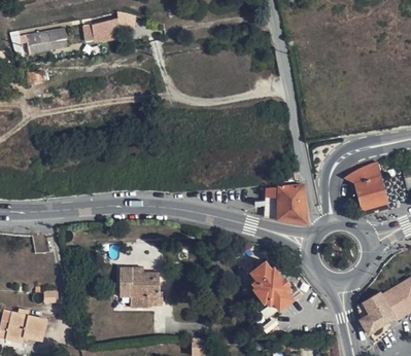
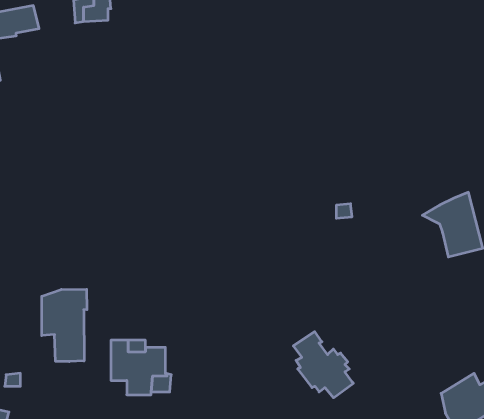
building: [264,184,306,222] -> none
building: none -> [42,289,87,362]

